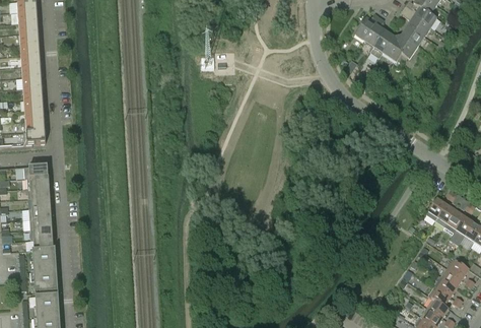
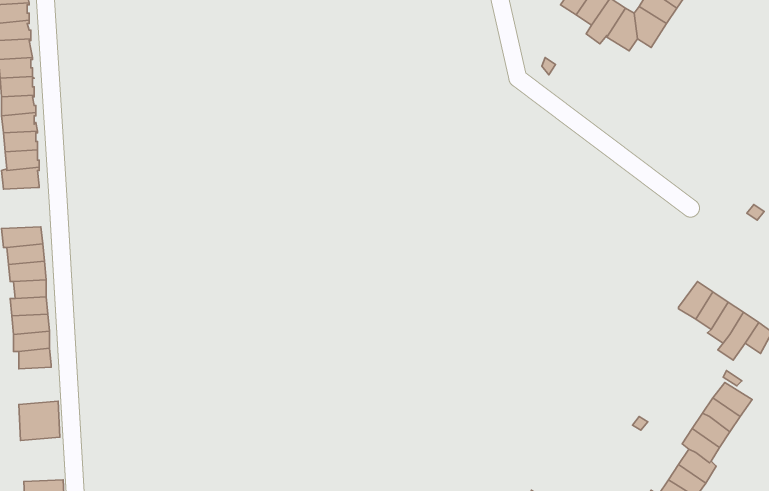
building: [32,247,57,270] -> none
building: [36,292,60,316] -> none

